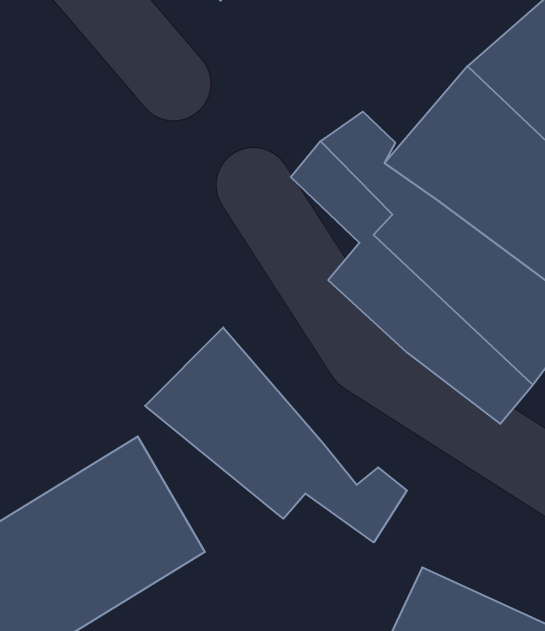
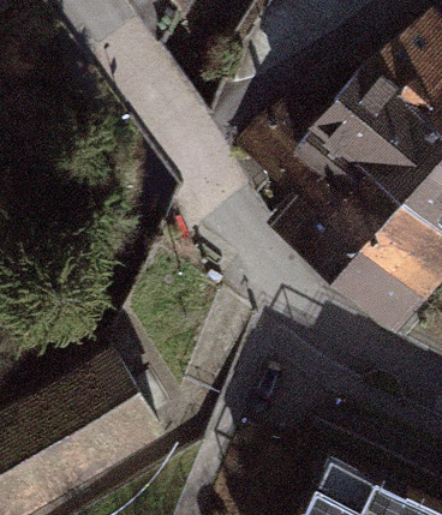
building: [145,327,407,542] -> none

